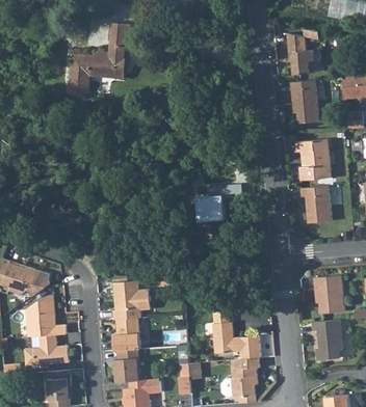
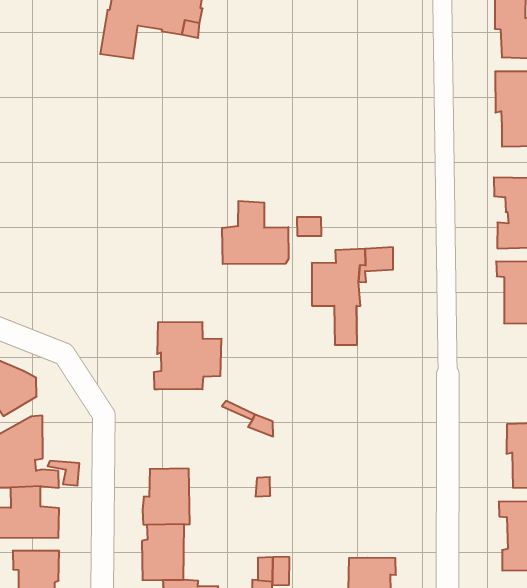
building: none -> [222,201,289,264]
building: [112,280,150,320] -> [154,322,222,389]
building: [212,322,260,359] -> none

